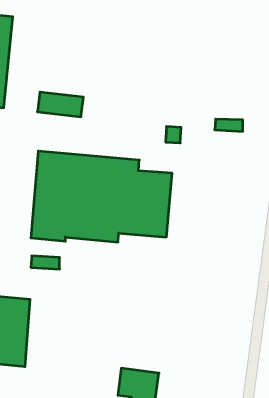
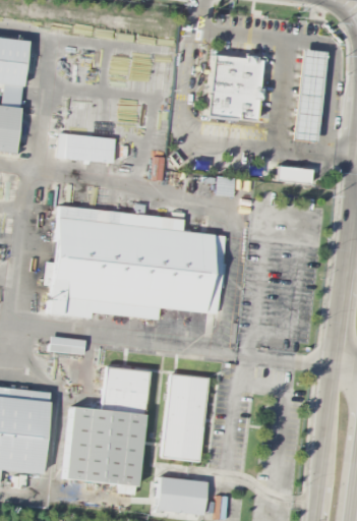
building: none -> [293,49,326,142]
building: none -> [209,54,263,121]
building: none -> [66,365,150,495]
building: none -> [164,373,210,460]

